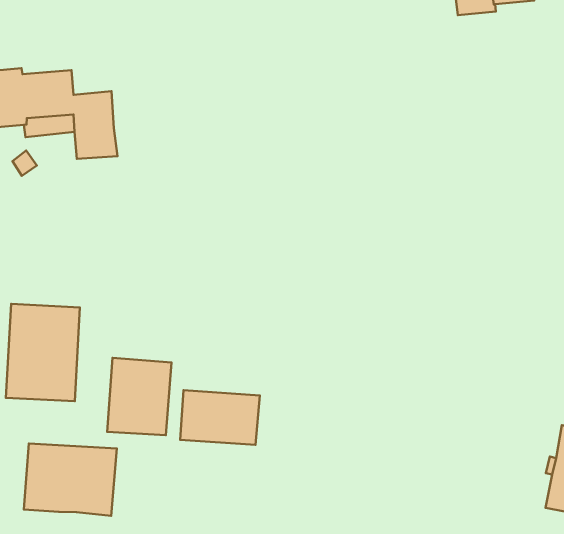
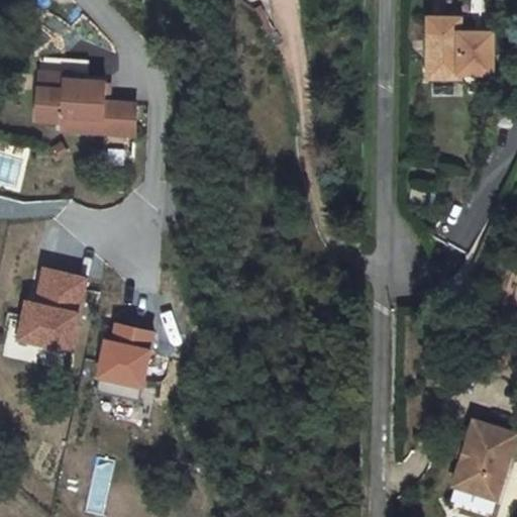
building: [180,390,260,445] -> none
building: [24,443,117,516] -> none

